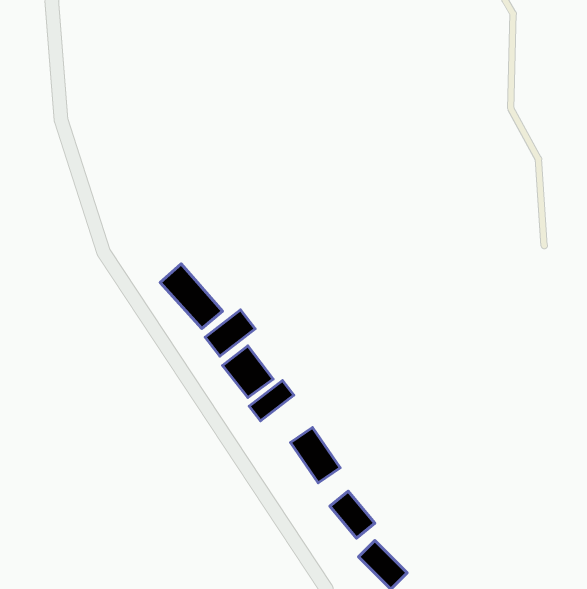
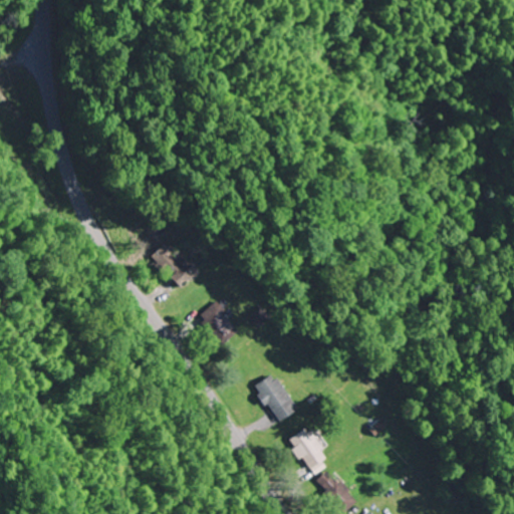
building: [205,310,255,356] -> none
building: [249,381,294,421] -> none

